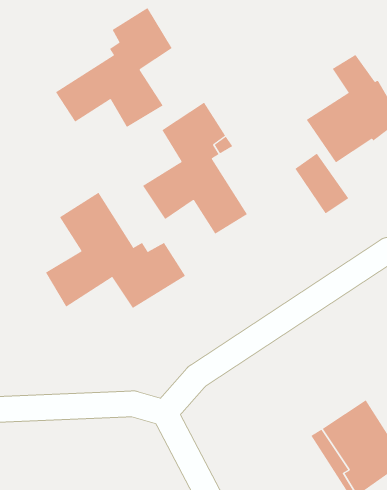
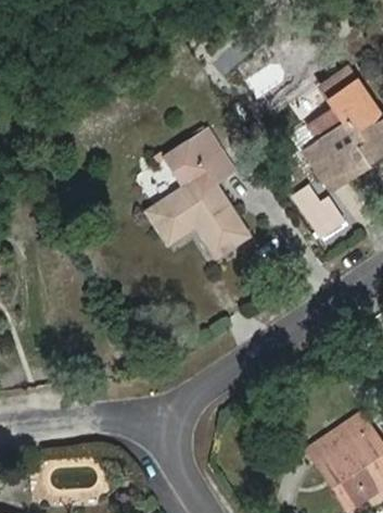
building: [55,7,173,128] -> none
building: [45,192,186,309] -> none

